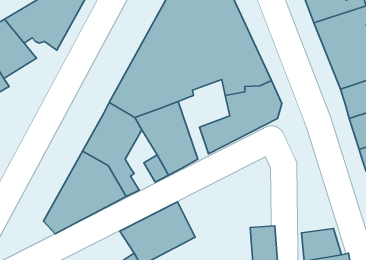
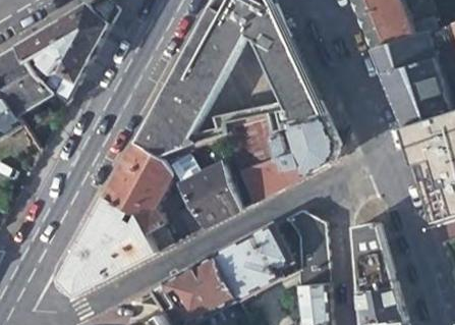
building: none -> [228,116,275,171]
building: none -> [286,212,327,286]
building: none -> [352,223,394,292]
building: none -> [215,226,289,303]

